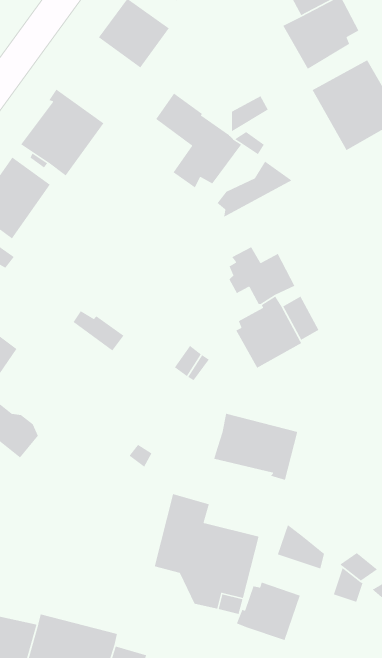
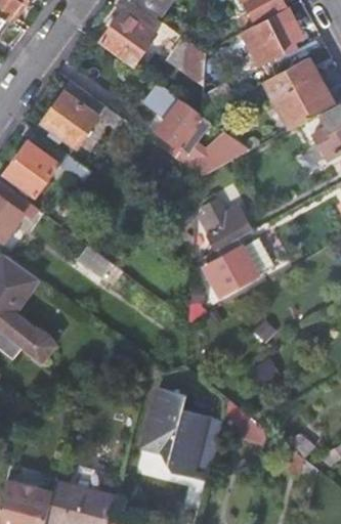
building: none -> [166,37,204,86]
building: [213,413,298,481] -> none
building: [236,582,301,641] -> none

